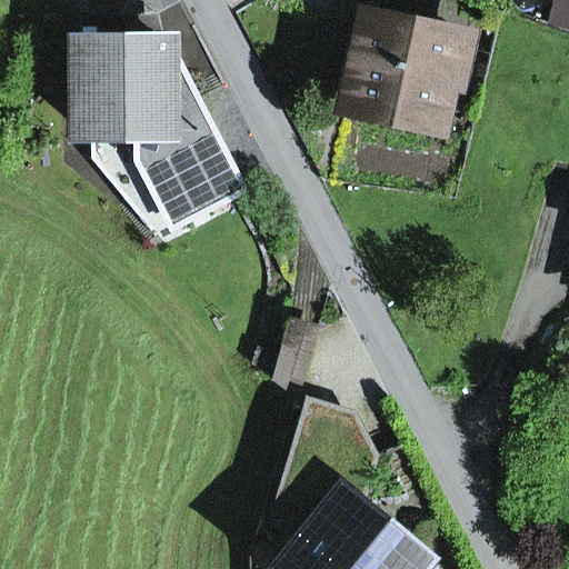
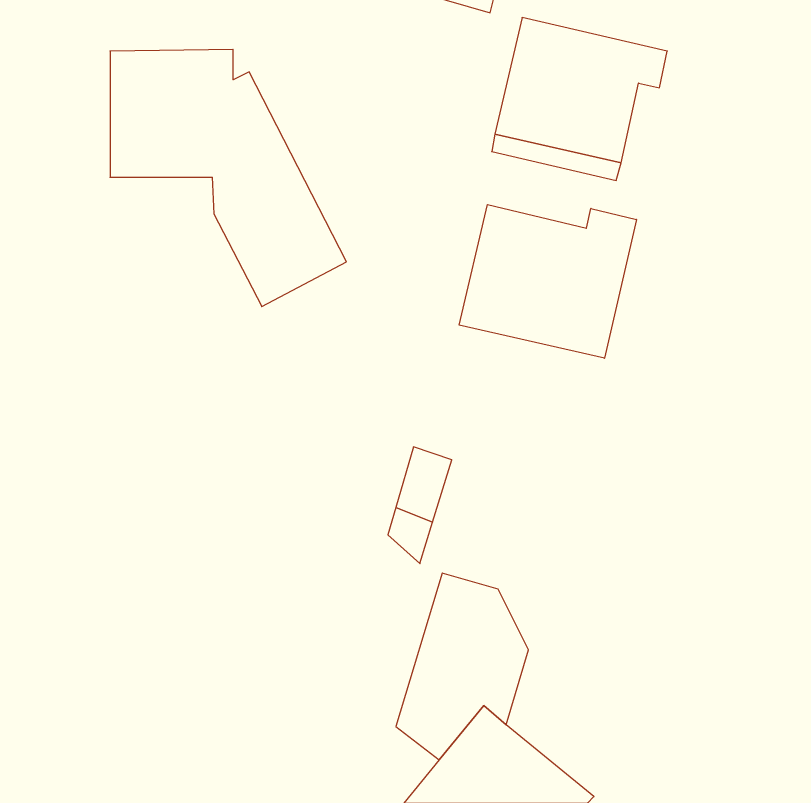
building: [88,123,182,227] -> none
building: none -> [459,205,636,358]

